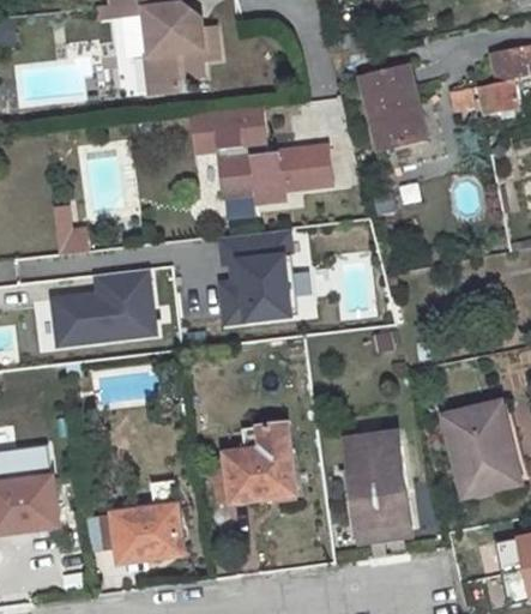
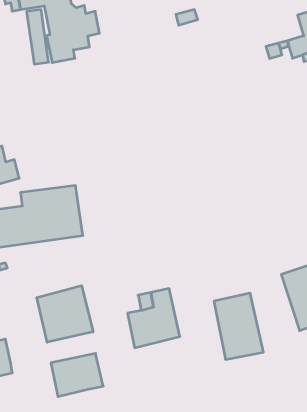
building: [358,65,426,148] -> none
building: [192,106,331,201] -> none
building: [216,231,292,325] -> none
building: none -> [37,286,93,342]

